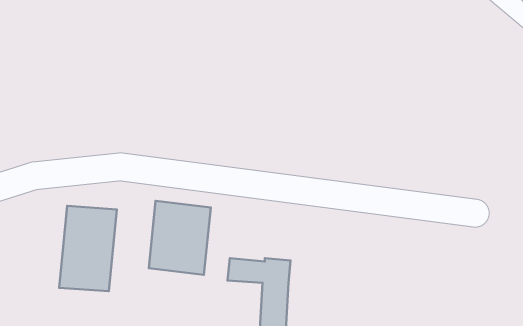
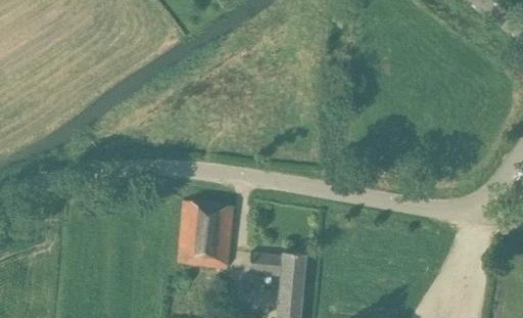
building: [59,206,117,291] -> none

